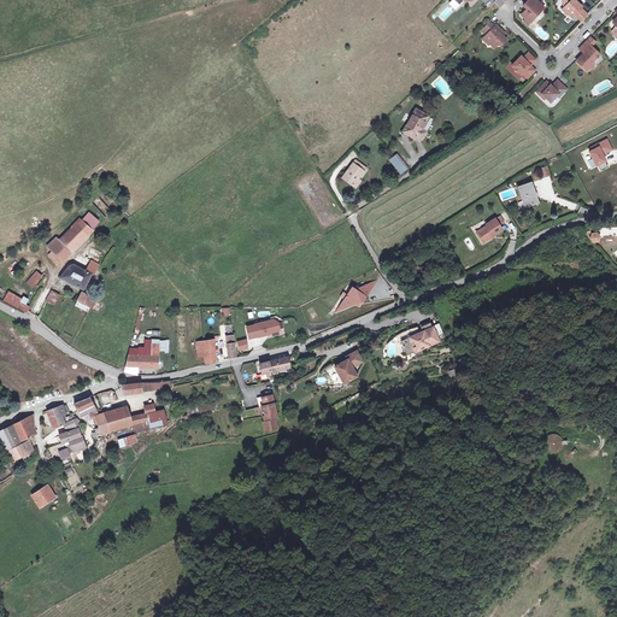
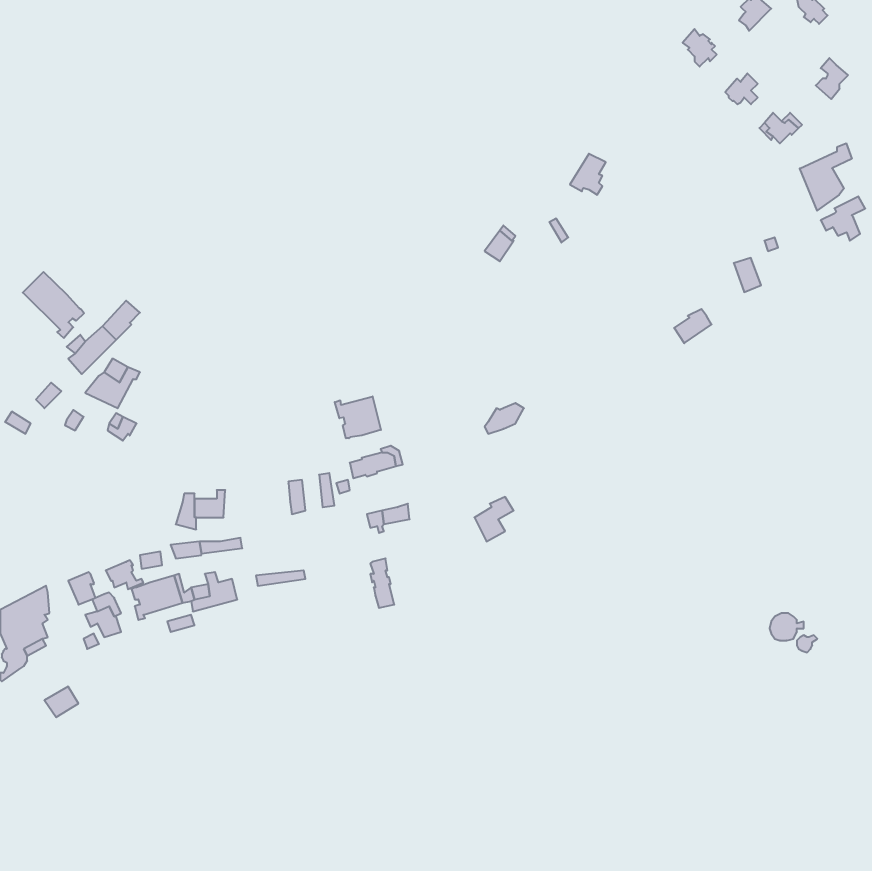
building: none -> [800,143,852,211]
building: none -> [23,272,84,338]
building: none -> [335,396,381,438]
building: [401,322,442,354] -> none

